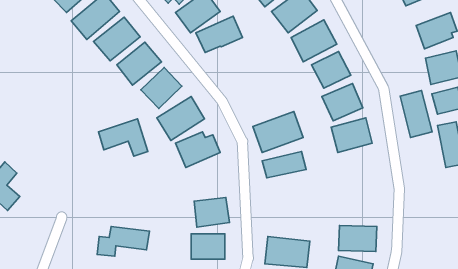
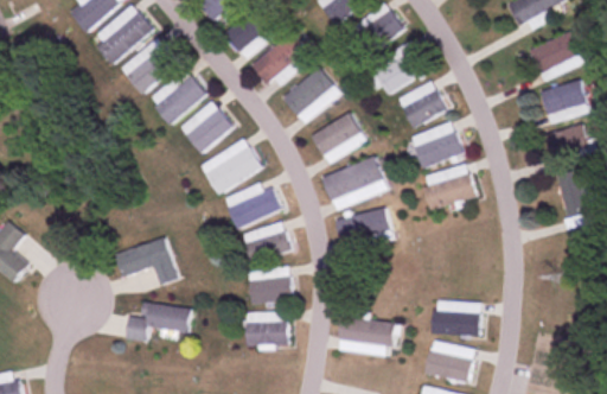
building: none -> [282,66,340,122]
building: none -> [312,112,366,161]
building: [400,90,432,138] -> none
building: [98,119,148,156] -> [114,237,177,285]
building: none -> [243,222,289,261]

